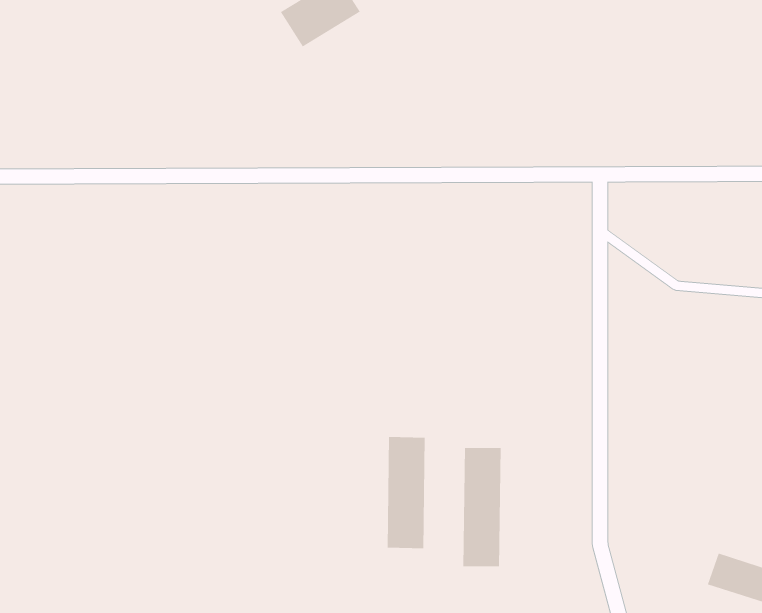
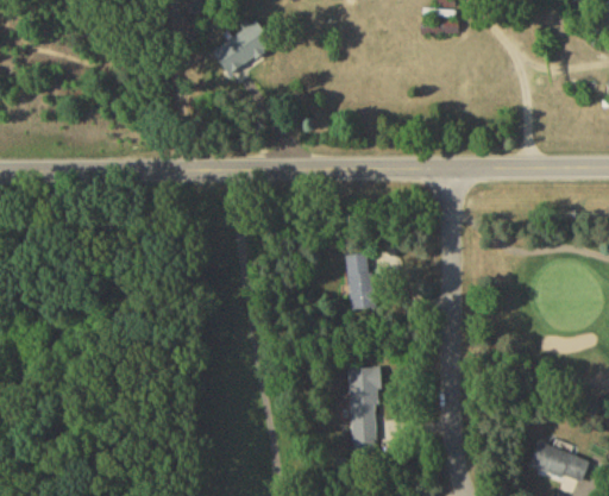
building: none -> [345,251,375,309]
building: [387,436,426,549] -> none

